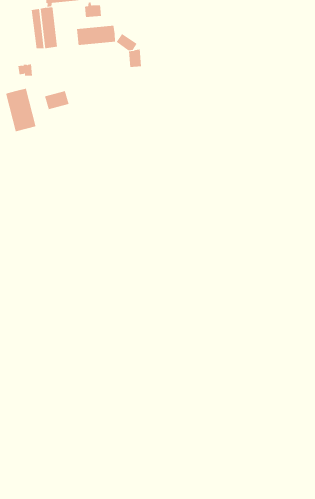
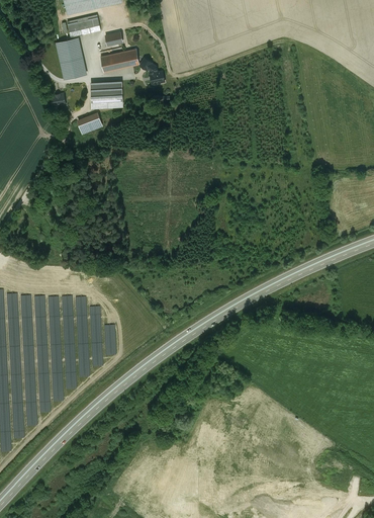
building: none -> [90,84,121,107]
building: [6,88,36,132] -> none

